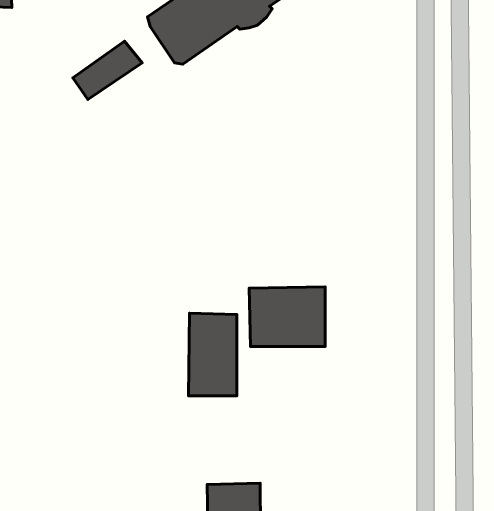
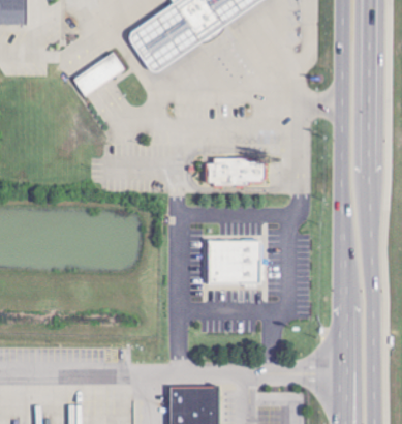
building: none -> [207,156,267,185]
building: [188,313,237,396] -> none

